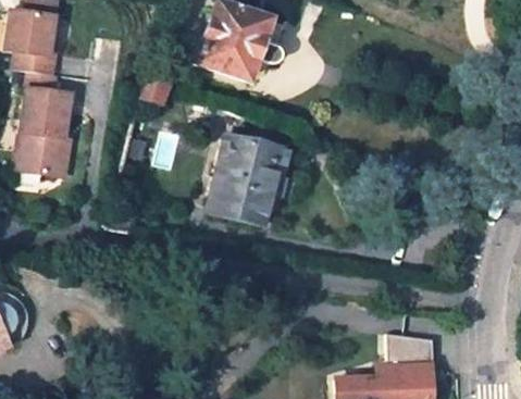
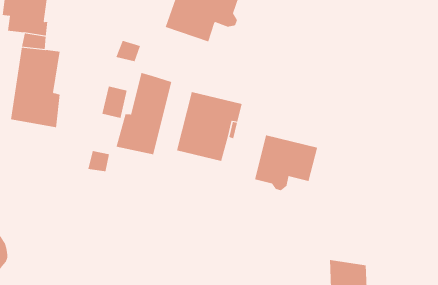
building: none -> [116,72,172,155]
building: none -> [255,135,318,191]

